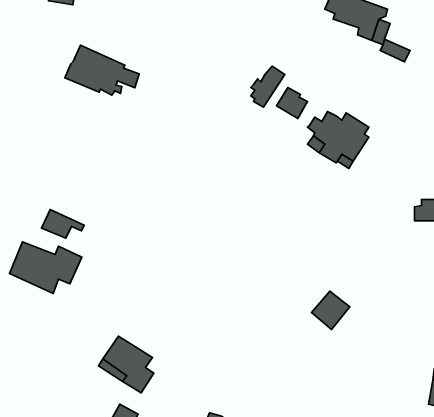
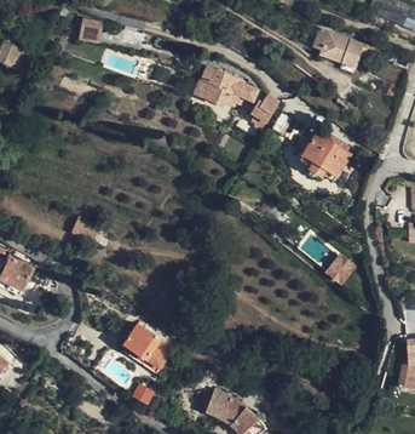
building: [65,45,139,95] -> [194,65,257,108]
building: [10,242,82,293] -> none
building: [311,291,350,330] -> [323,253,356,286]

